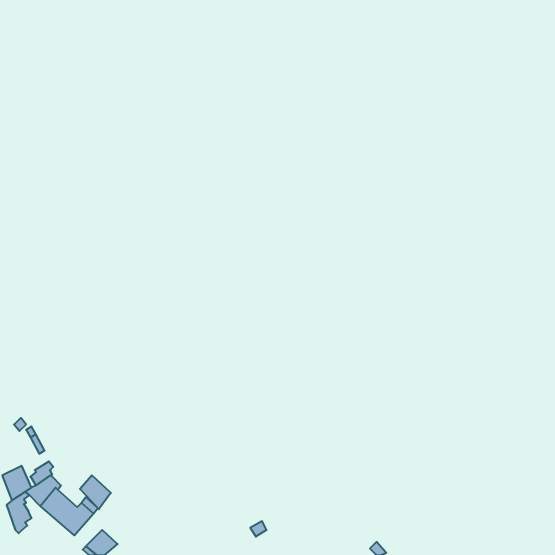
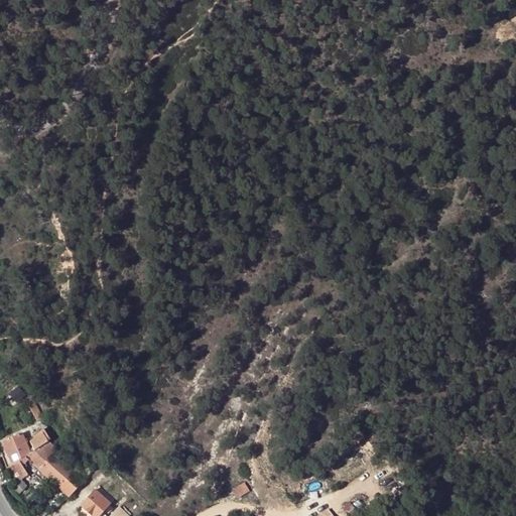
building: [80,475,111,509] -> none

